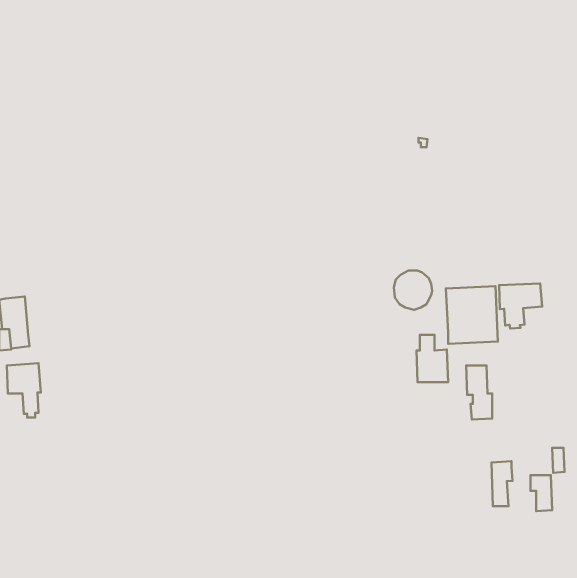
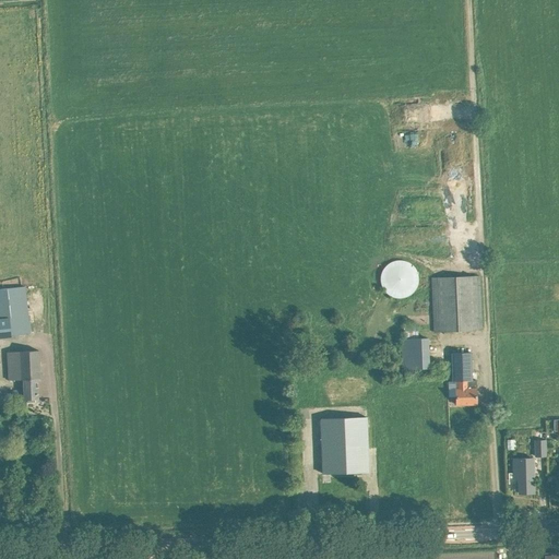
building: [499,284,542,329] -> none
building: none -> [320,417,368,474]
building: [491,461,512,506] -> none

